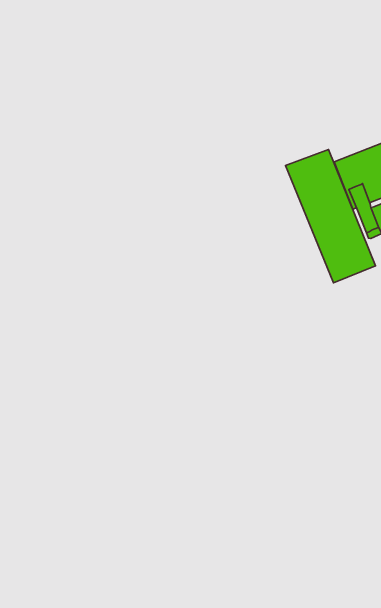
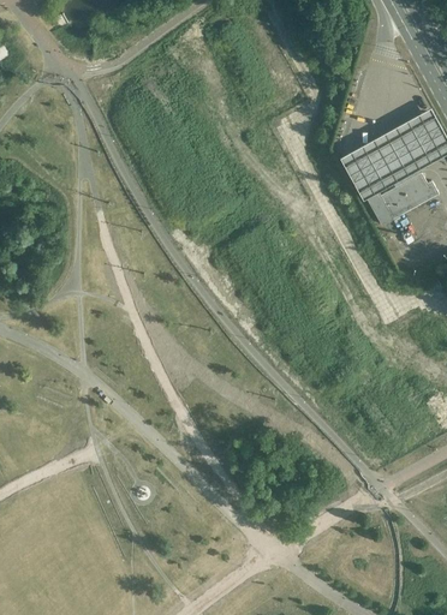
building: [286,149,376,283] -> none

